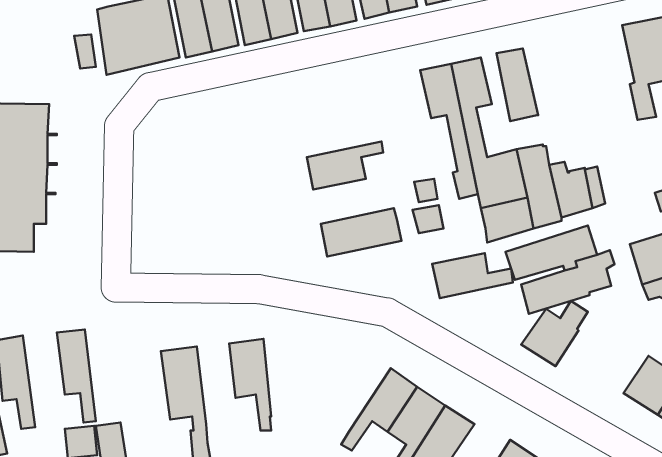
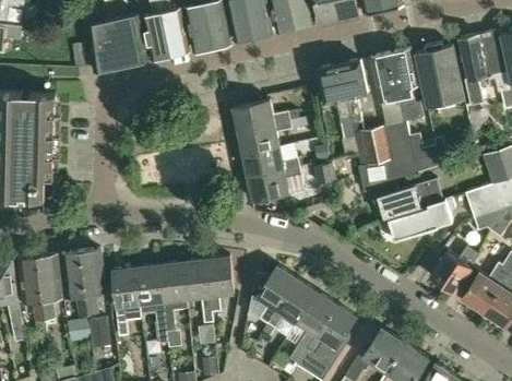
building: none -> [416,43,465,107]
building: none -> [390,50,422,123]
building: none -> [234,99,299,131]
building: [432,253,513,298] -> [242,146,299,178]
building: [521,301,588,366] -> [430,246,477,291]
building: none -> [82,249,107,317]
building: none -> [38,254,63,321]
building: none -> [207,257,235,313]
building: none -> [160,262,189,332]
building: none -> [255,266,297,324]
building: none -> [112,267,142,336]

